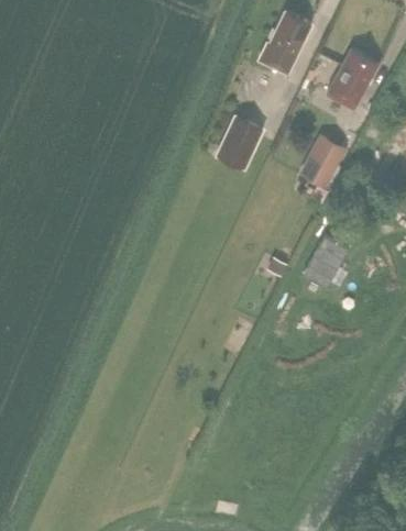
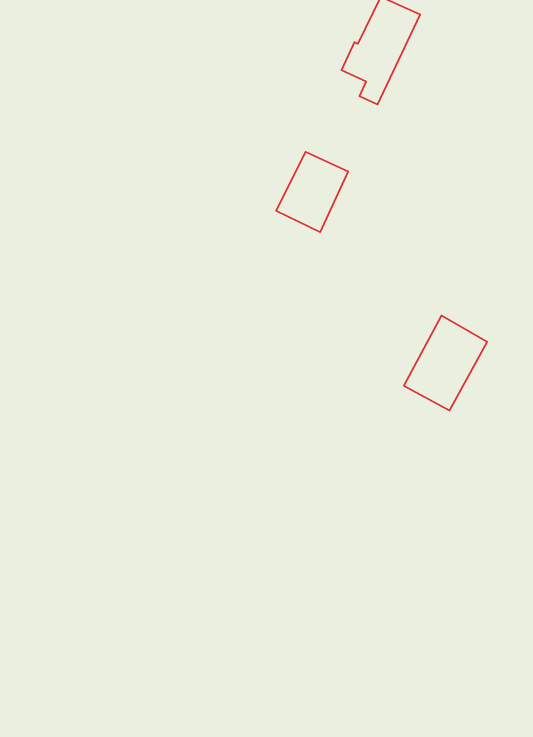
building: [328,47,380,109] -> none
building: [299,132,349,187] -> none

